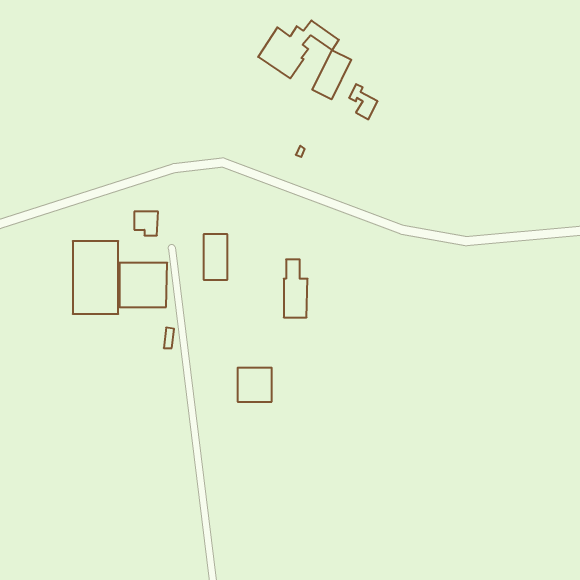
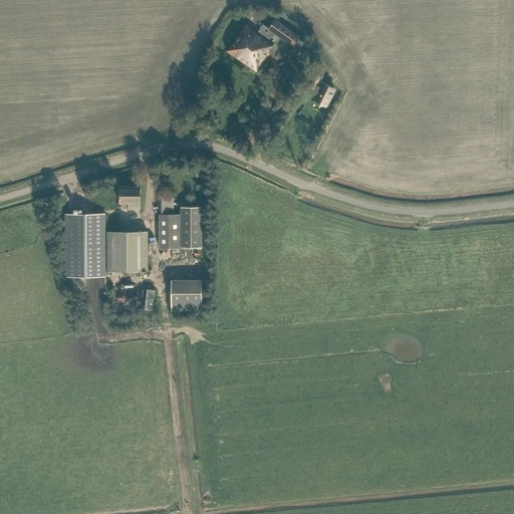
building: [312,50,351,99] -> none
building: [284,259,308,317] -> [159,198,180,249]
building: [238,368,272,402] -> [171,281,201,311]

